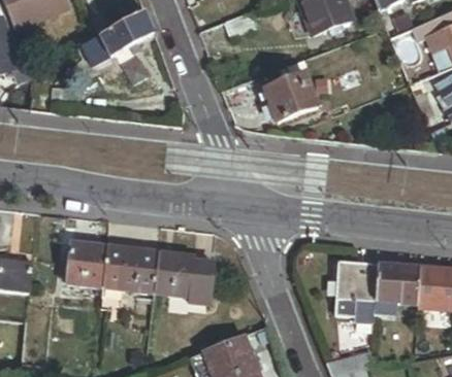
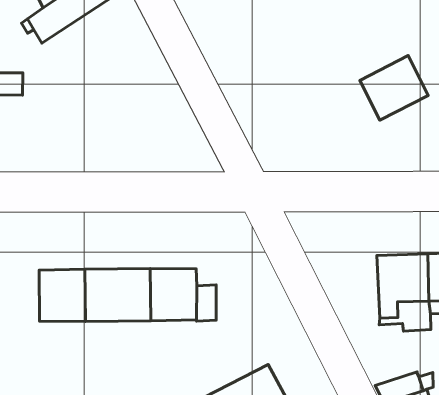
building: [269,73,322,122] -> [360,56,428,120]

